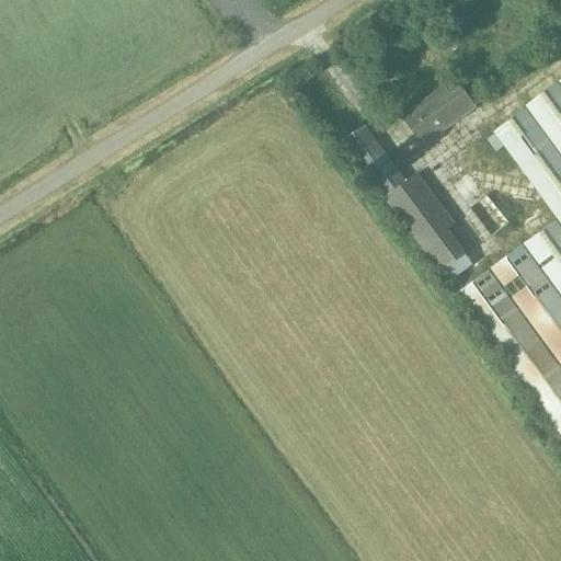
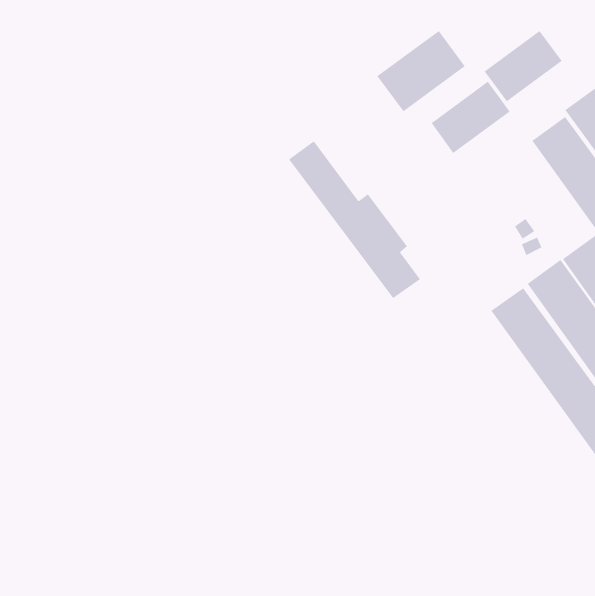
building: none -> [484,30,563,102]
building: none -> [377,30,466,112]
building: [347,123,471,271] -> [288,141,421,299]

